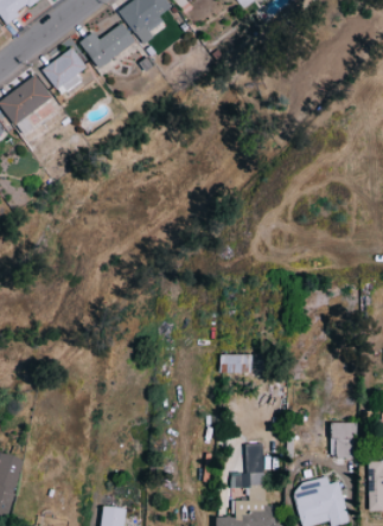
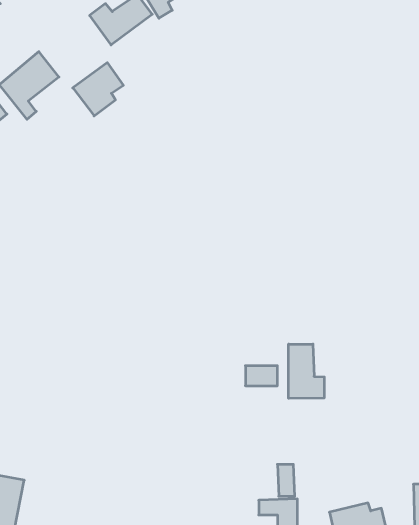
building: [44,47,89,95] -> [73,63,123,116]
building: none -> [289,344,324,398]
building: [333,421,360,457] -> none

